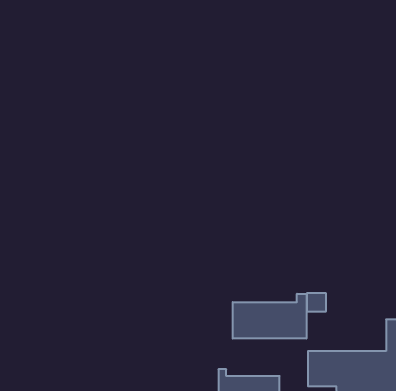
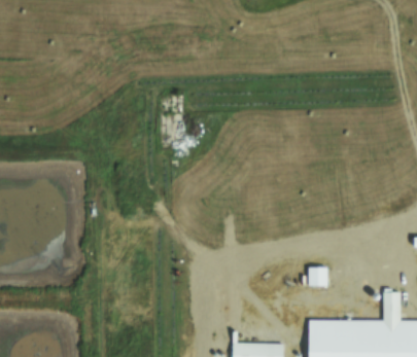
building: [233,294,306,339] -> none

